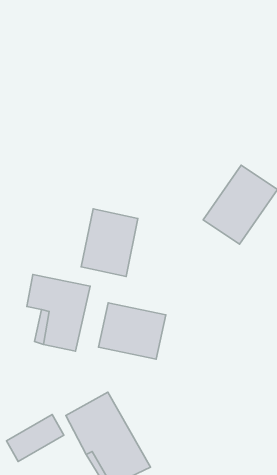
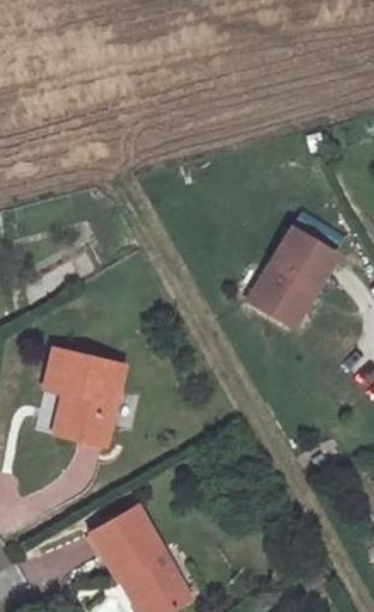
building: [81,209,138,276] -> none
building: [98,303,166,359] -> none

